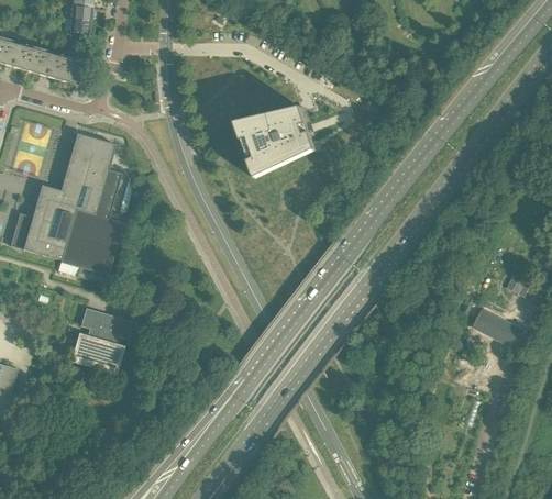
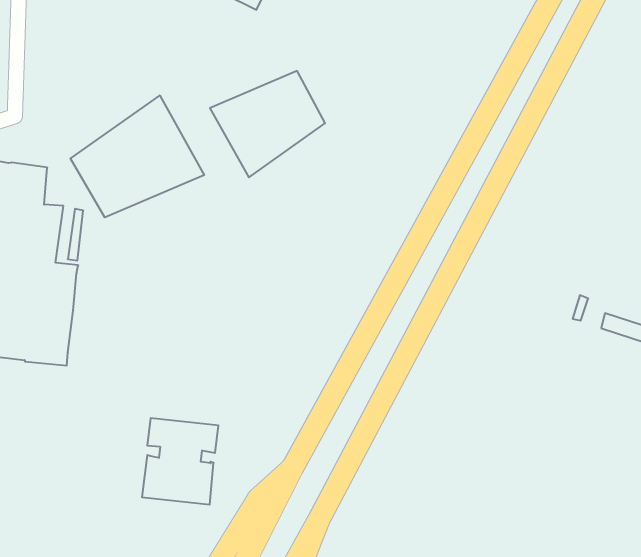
building: none -> [70,95,204,217]
building: [68,306,130,373] -> [142,418,218,505]

